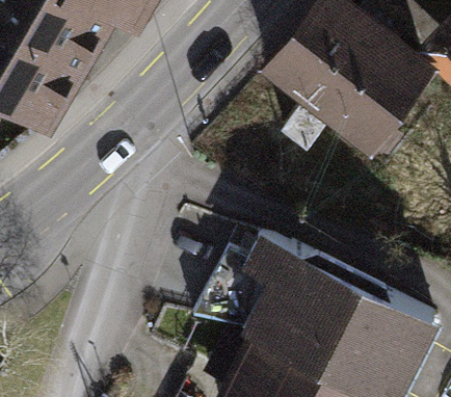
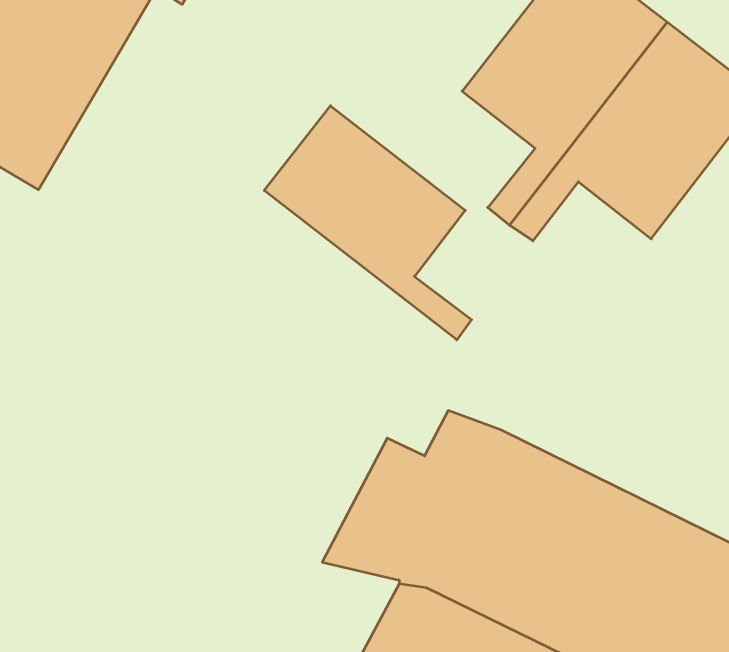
building: none -> [264,106,472,340]

